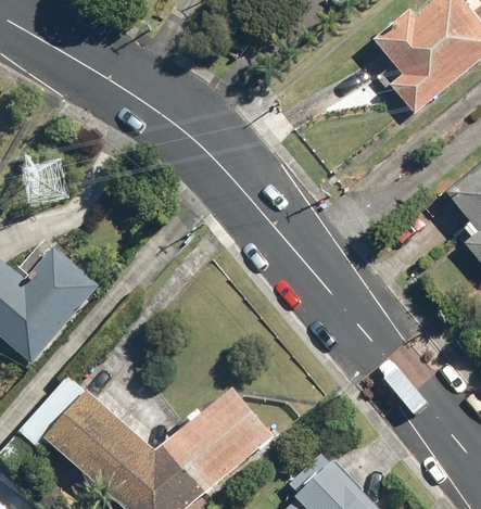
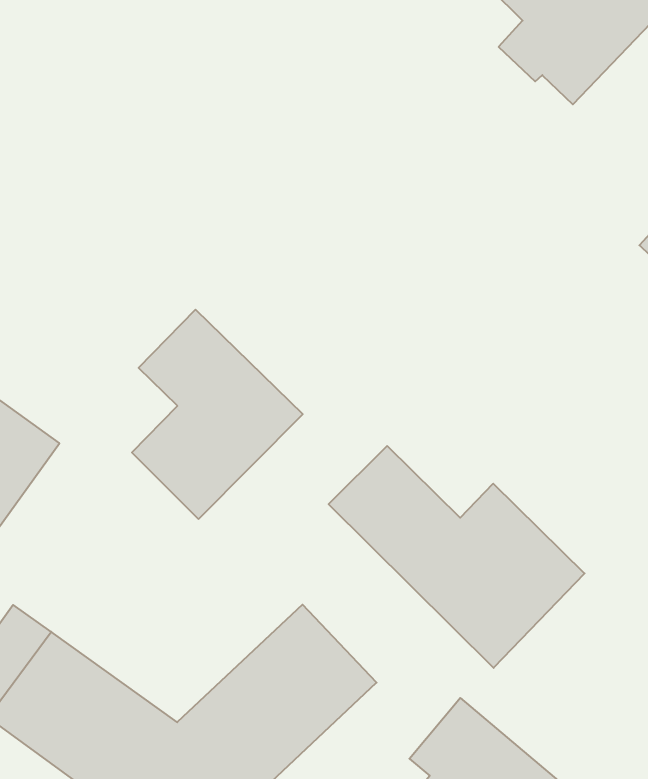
building: none -> [132,310,303,519]
building: none -> [329,446,585,668]

